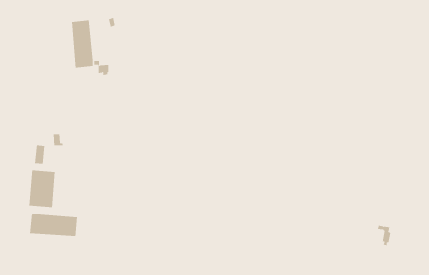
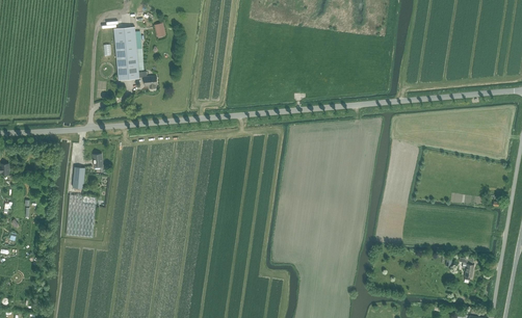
building: [30,213,78,237] -> none

